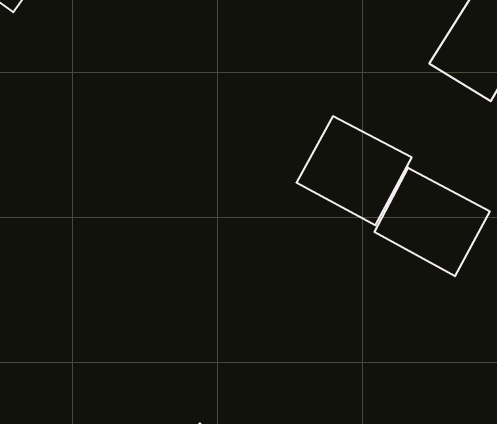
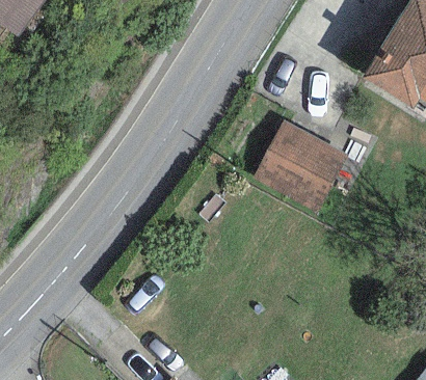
building: [374,168,490,276] -> none

